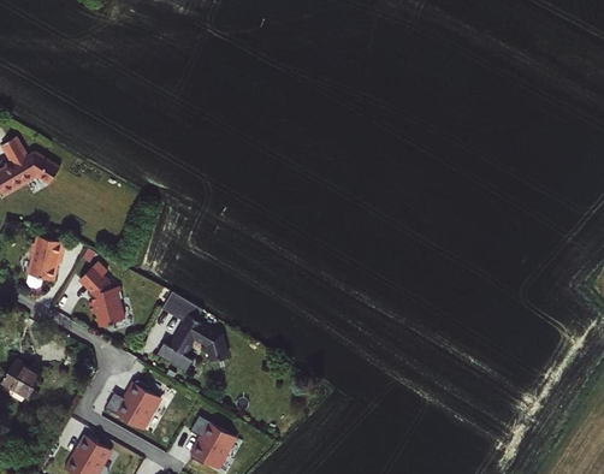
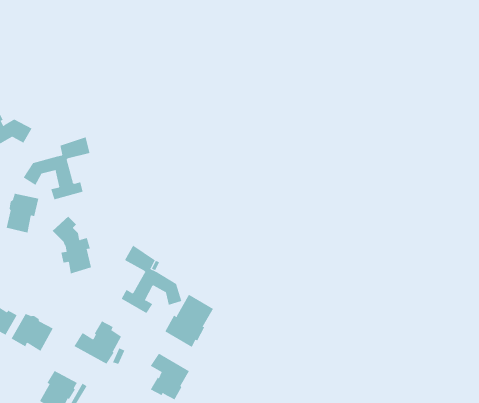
building: none -> [23,137,90,200]
building: none -> [164,294,214,348]
building: none -> [11,313,54,352]

